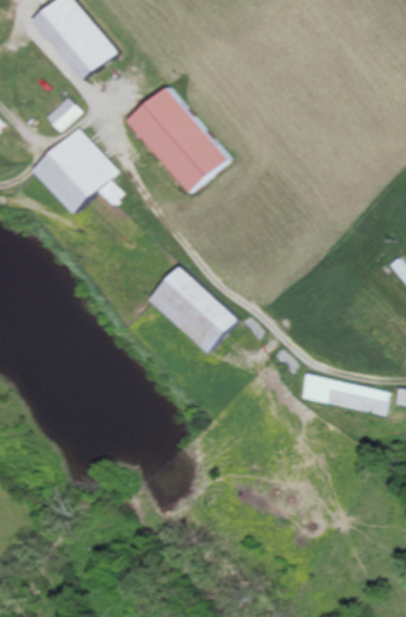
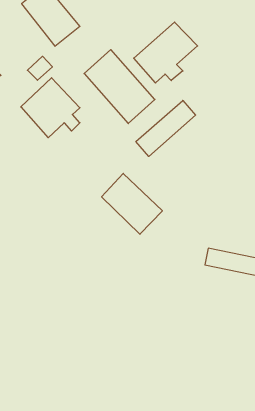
building: none -> [134,22,198,83]
building: none -> [136,100,196,156]

